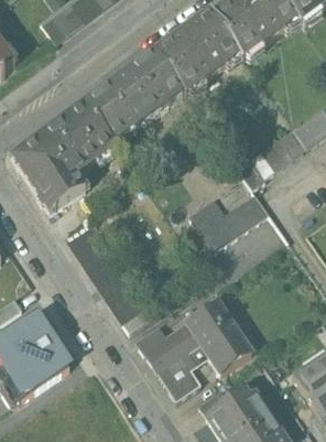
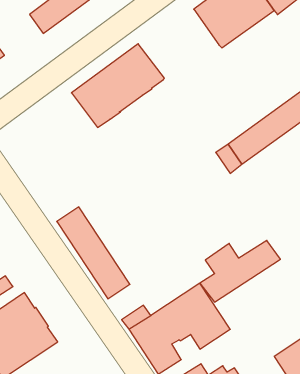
building: [155,9,240,91] -> none
building: [14,101,115,209] -> none
building: [185,192,270,257] -> [200,240,280,302]

